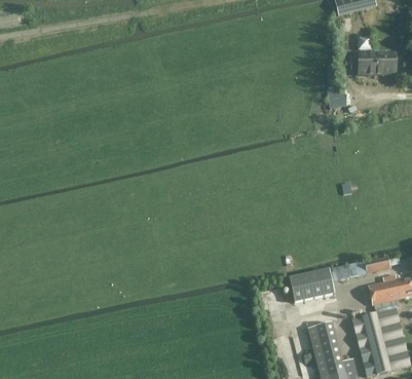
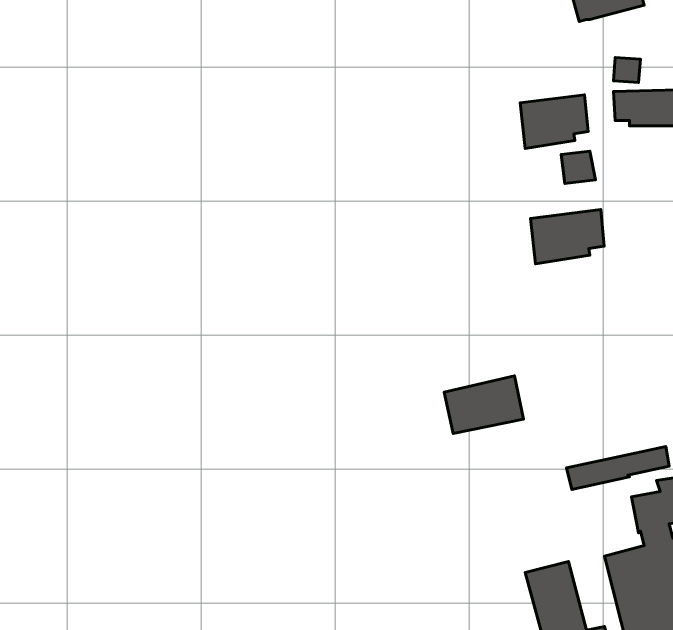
building: none -> [520,95,588,149]
building: none -> [531,210,604,264]
building: [289,268,334,301] -> [444,376,524,434]

